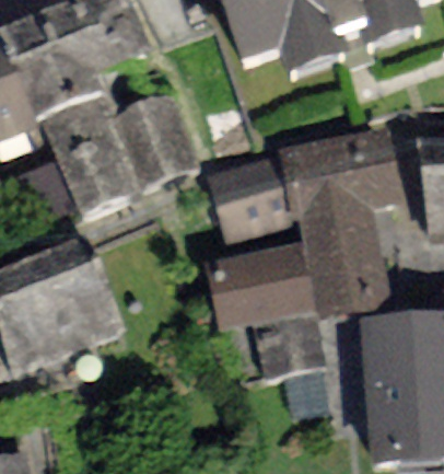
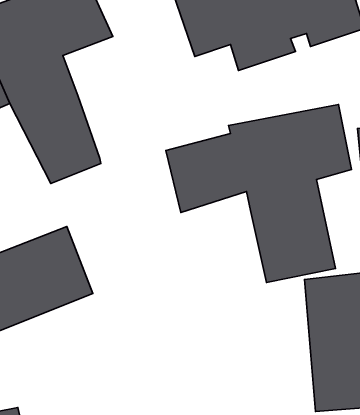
building: [110,92,197,183] -> none
building: [203,240,325,377] -> none

